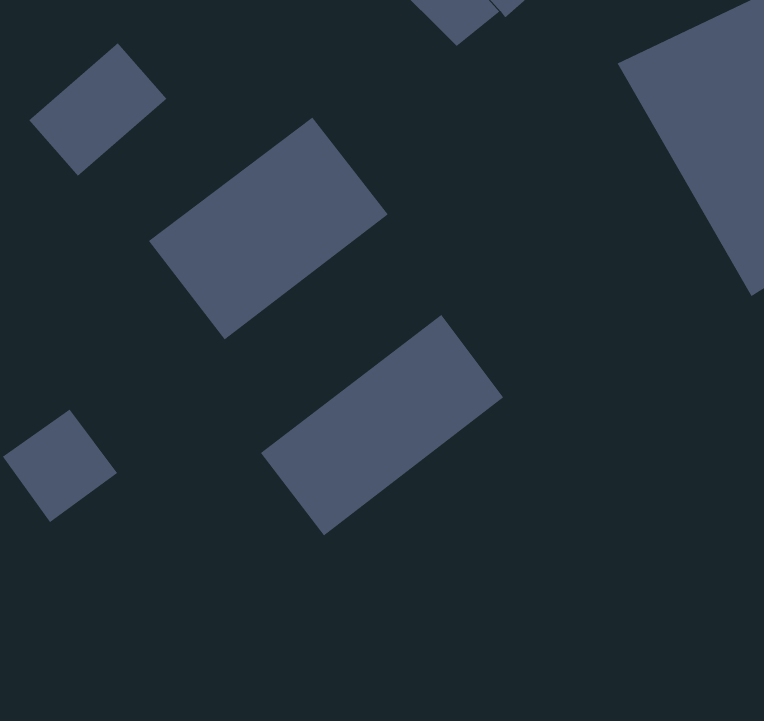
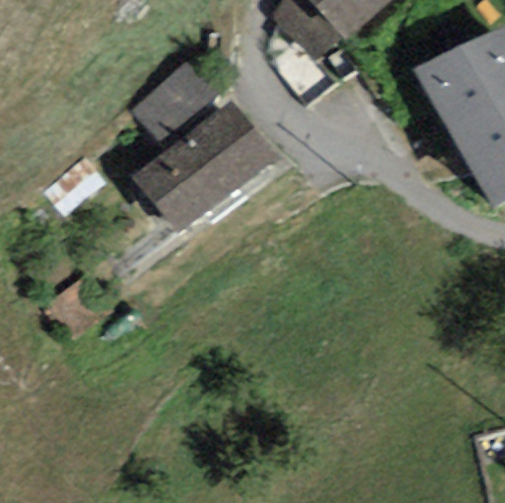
building: [28,42,168,177] -> [132,62,216,143]
building: [260,314,504,537] -> none

